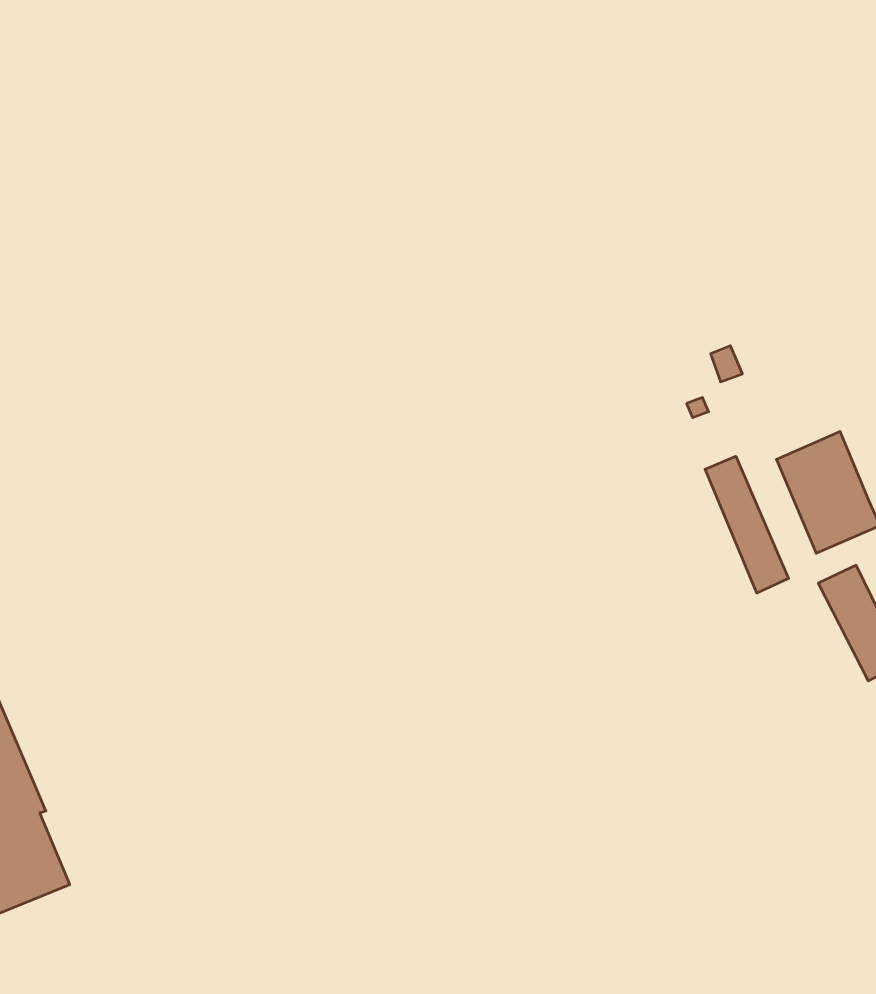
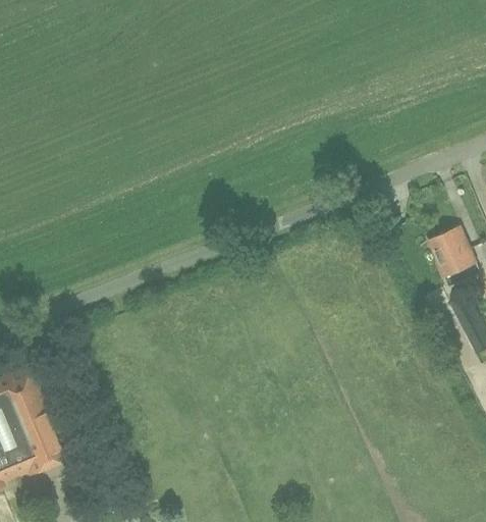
building: [705,456,789,593] -> none

